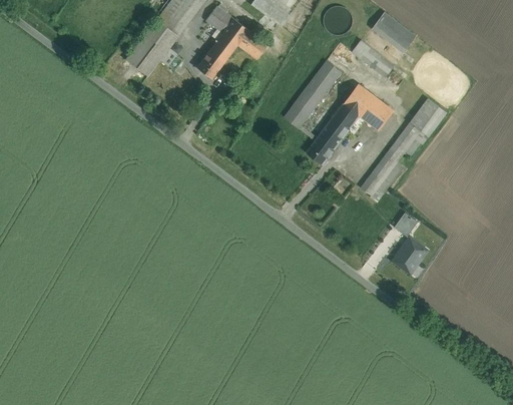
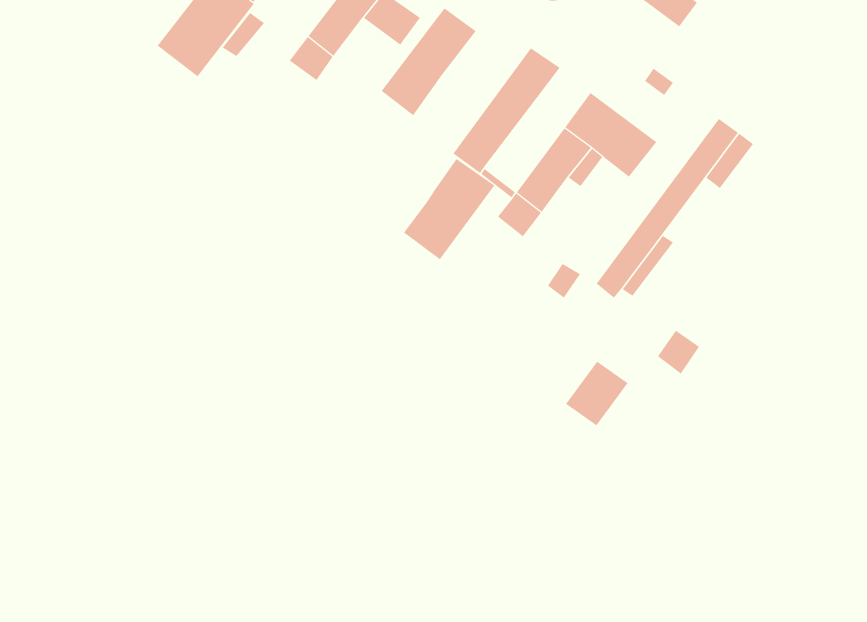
building: none -> [381,8,476,116]
building: [352,40,394,77] -> none
building: none -> [403,158,495,260]
building: [393,238,427,273] -> [565,361,628,426]

